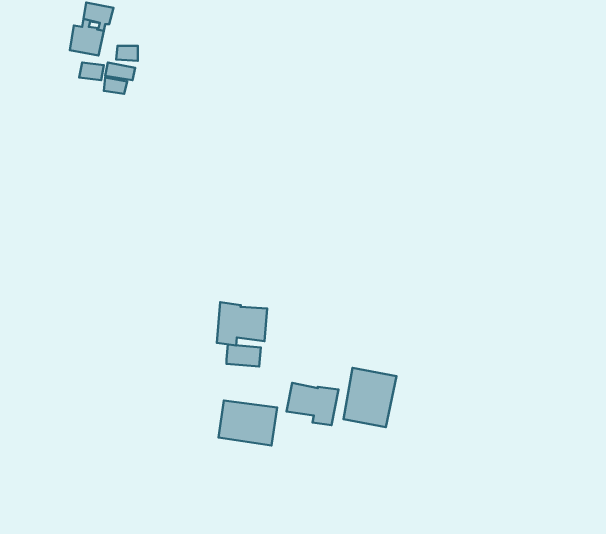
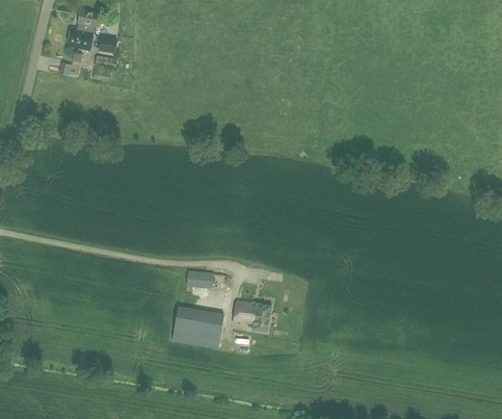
building: [217,302,267,345] -> none
building: [343,368,396,427] -> none

